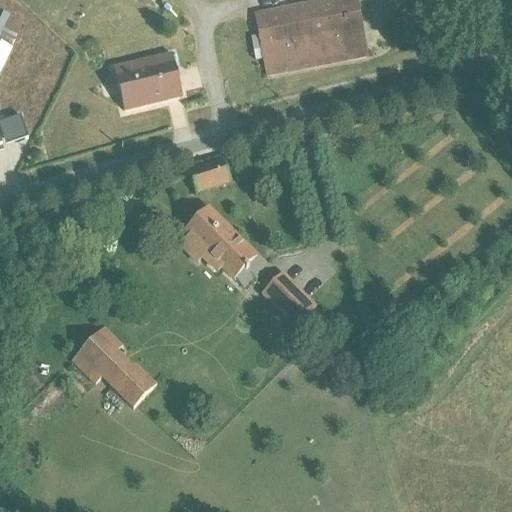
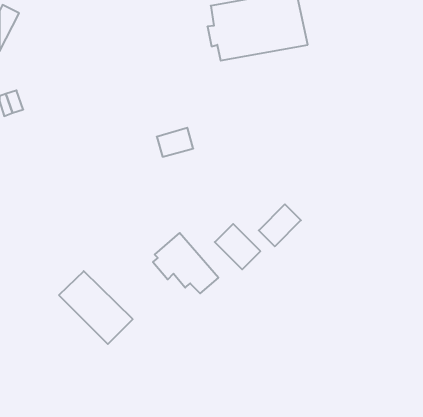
building: [113,45,184,110] -> none
building: [180,207,259,280] -> [153,233,218,293]
building: none -> [259,204,301,246]

